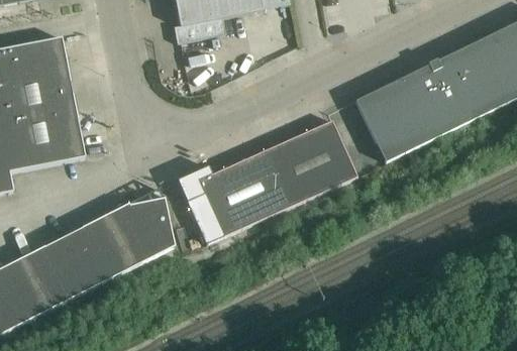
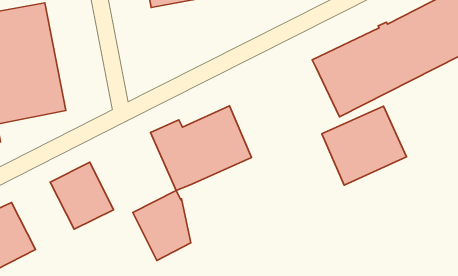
building: [264,120,356,207] -> [322,106,407,185]
building: [110,188,174,264] -> [133,191,191,260]
building: [24,234,93,308] -> none

